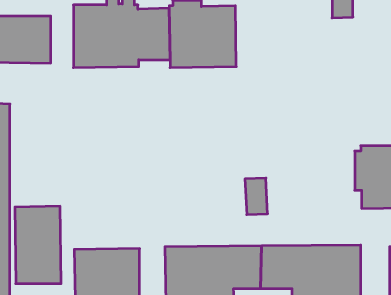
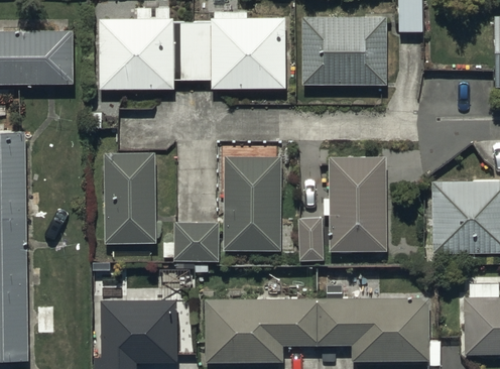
building: none -> [300,17,388,85]
building: none -> [225,156,281,252]
building: none -> [323,158,387,251]
building: none -> [163,223,219,261]
building: [15,206,61,284] -> [103,154,156,244]

